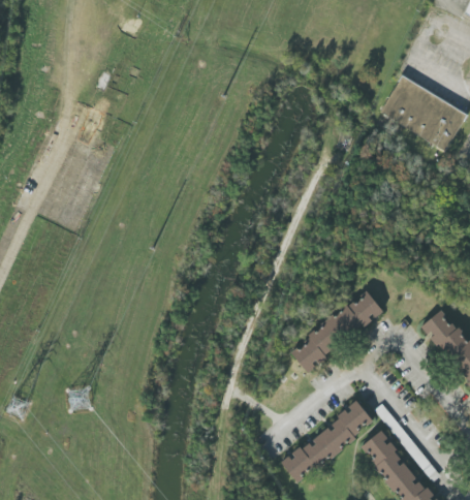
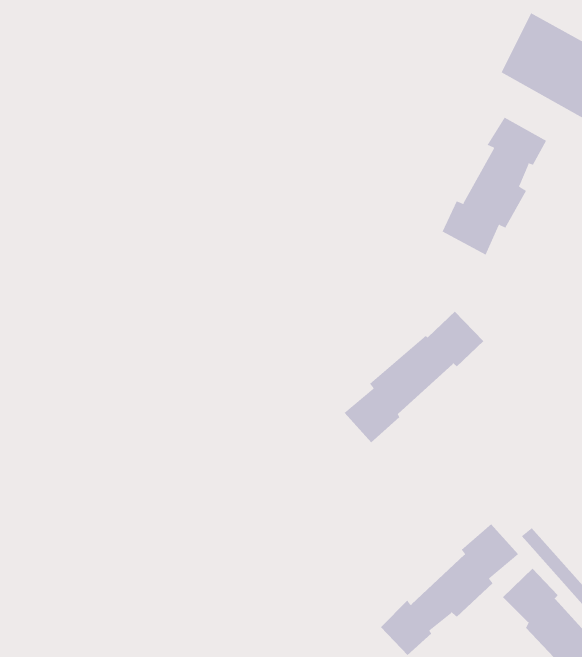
building: none -> [442,117,547,255]
building: [290,290,383,372] -> [344,311,484,443]

